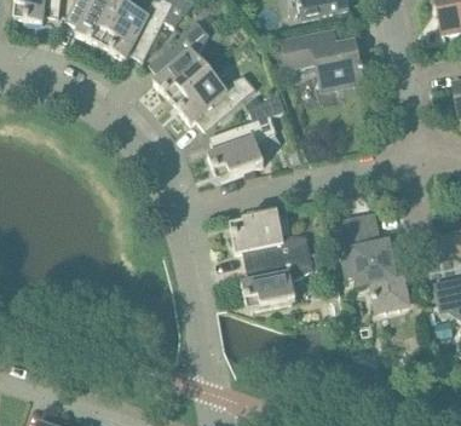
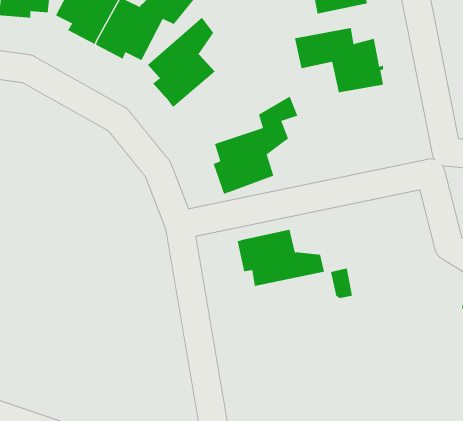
building: [172,69,257,129] -> none
building: [338,214,408,309] -> none
building: [242,251,313,309] -> none

